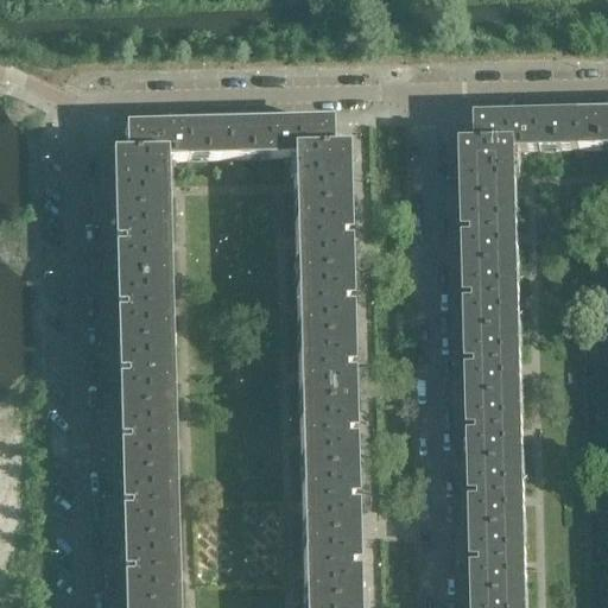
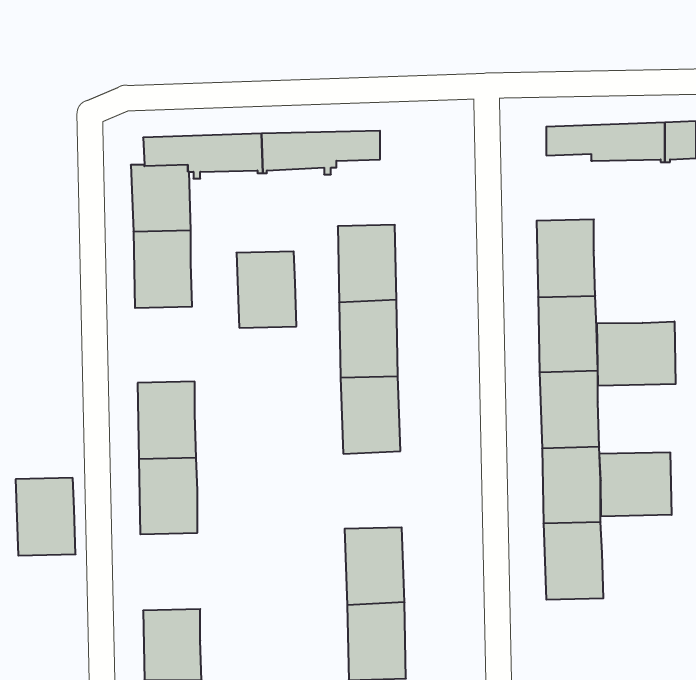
building: [466,134,518,192] -> none
building: [292,138,344,197] -> none
building: [118,267,170,334] -> [236,251,296,328]
building: none -> [597,321,676,386]
building: [299,393,350,461] -> none
building: none -> [600,452,672,516]
building: [122,464,175,532] -> [16,478,76,556]
building: [476,521,527,588] -> none

